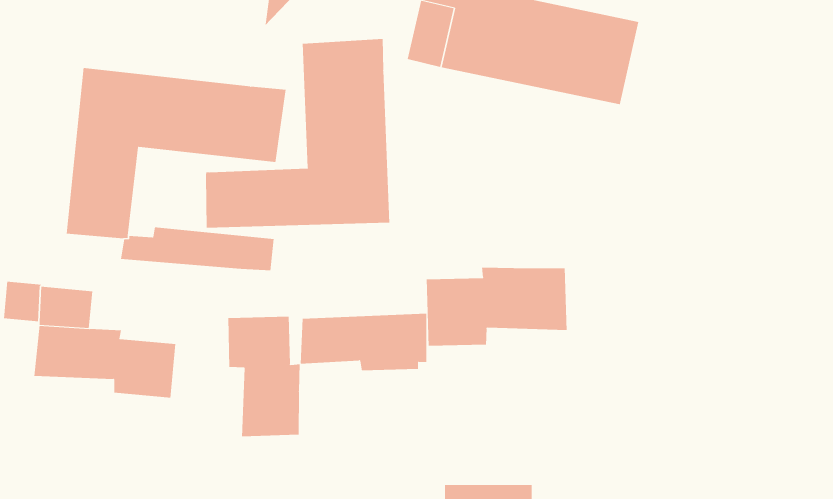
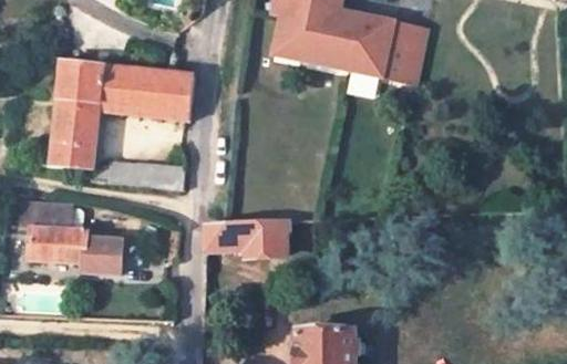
building: [205,38,390,228] -> none
building: [426,267,567,346] -> none
building: [228,316,300,437] -> none

